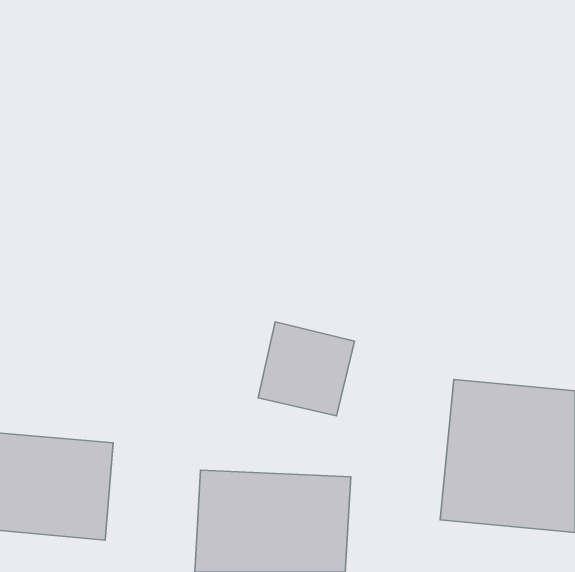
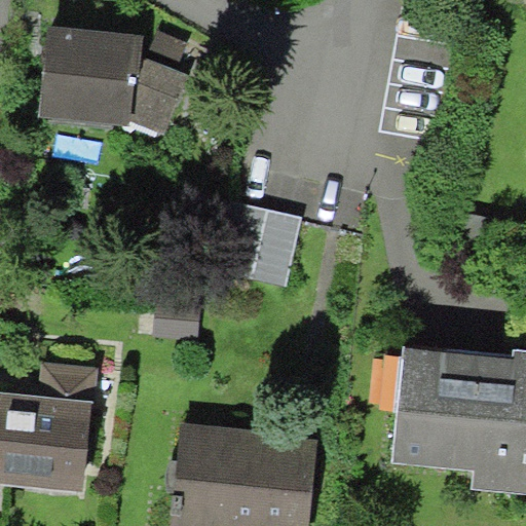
building: none -> [38,37,173,133]
building: [258,322,354,416] -> [212,200,299,286]

